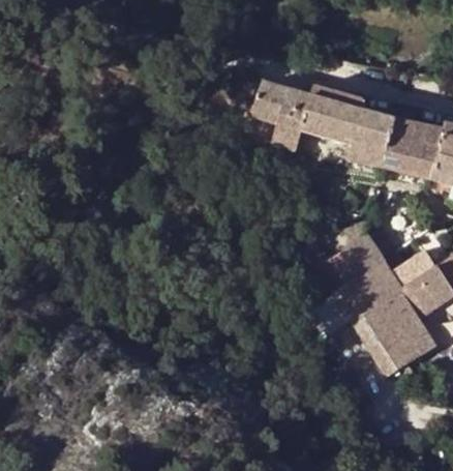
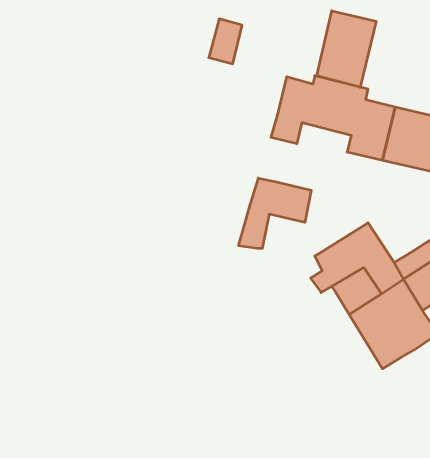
building: none -> [317,11,376,87]
building: [252,80,285,124] -> [209,19,242,64]
building: none -> [239,178,311,248]

